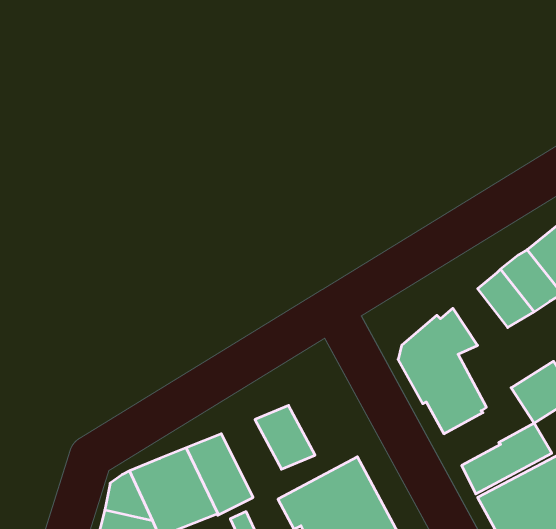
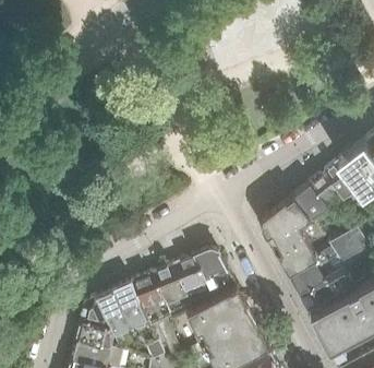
building: none -> [297,188,330,223]
building: none -> [195,253,233,290]
building: none -> [291,264,326,297]
building: none -> [154,269,194,317]

